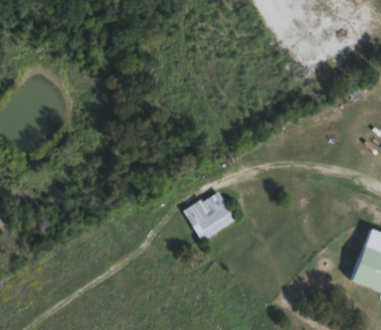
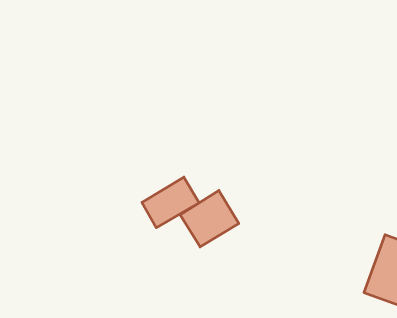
building: none -> [142,177,199,228]

